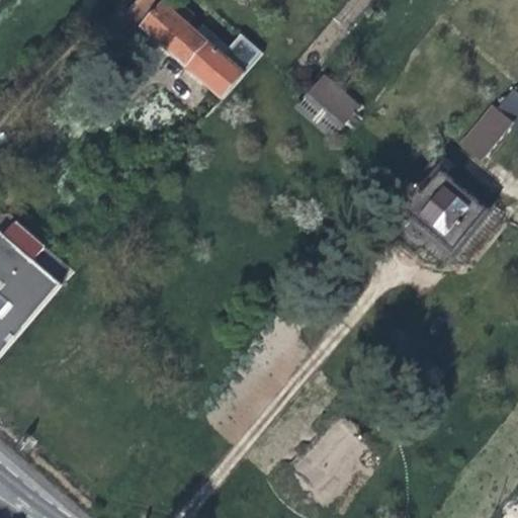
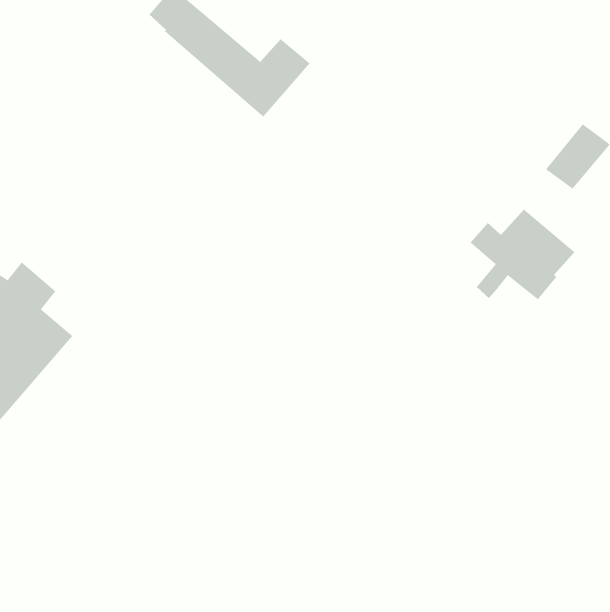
building: [309,77,360,125] -> none
building: [291,417,368,495] -> none

